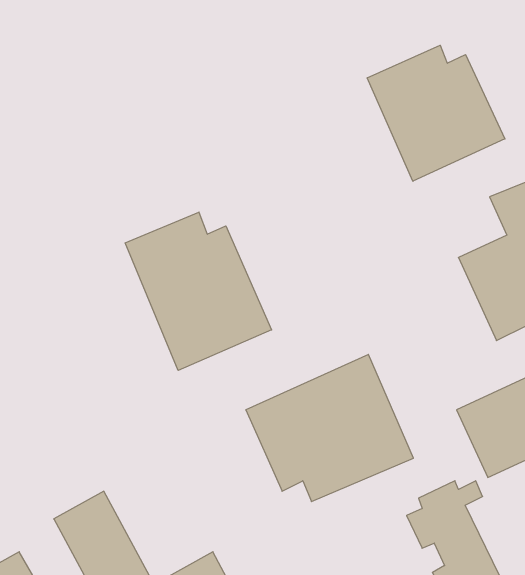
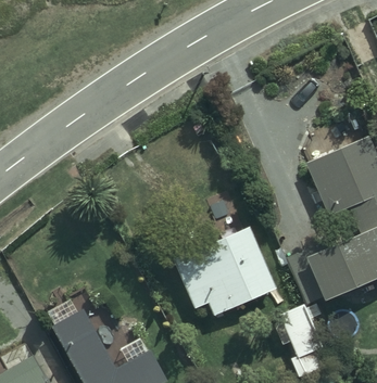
building: [367,45,505,181] -> none
building: [125,212,272,370] -> none

